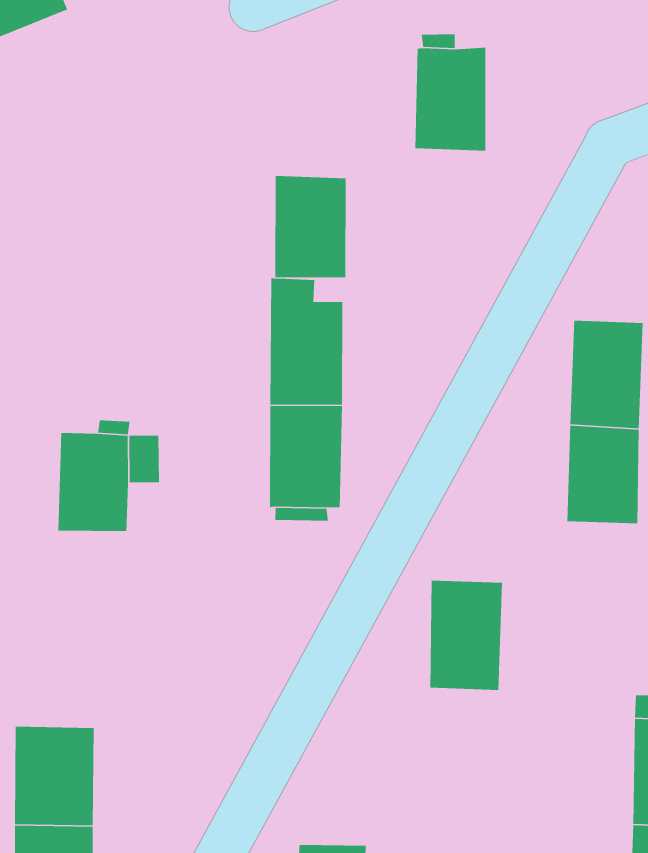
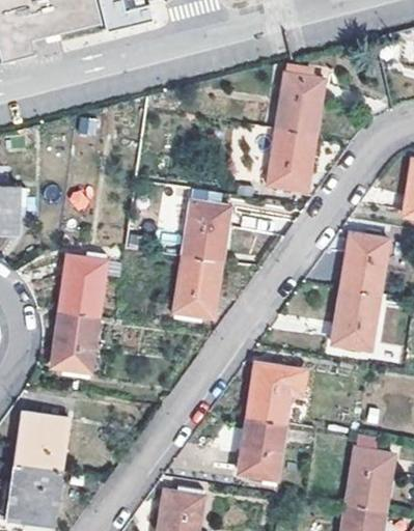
building: [274,175,347,278] -> [270,129,315,189]
building: none -> [50,309,96,370]
building: none -> [240,419,285,479]

